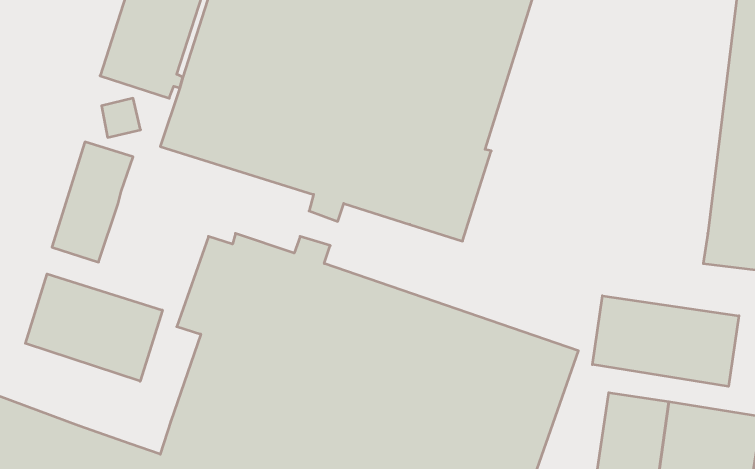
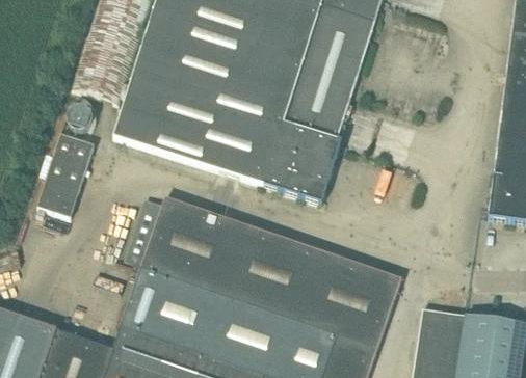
building: [25,274,162,381] -> none
building: [592,296,739,386] -> none

